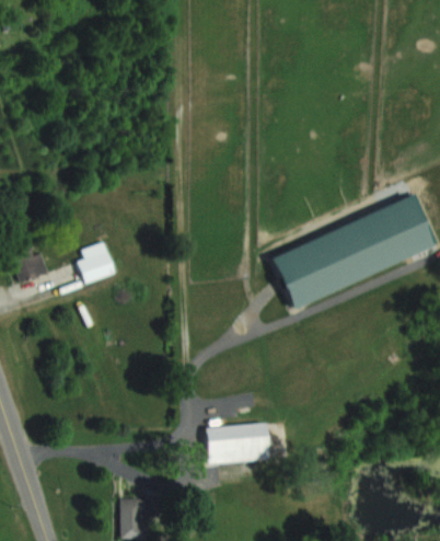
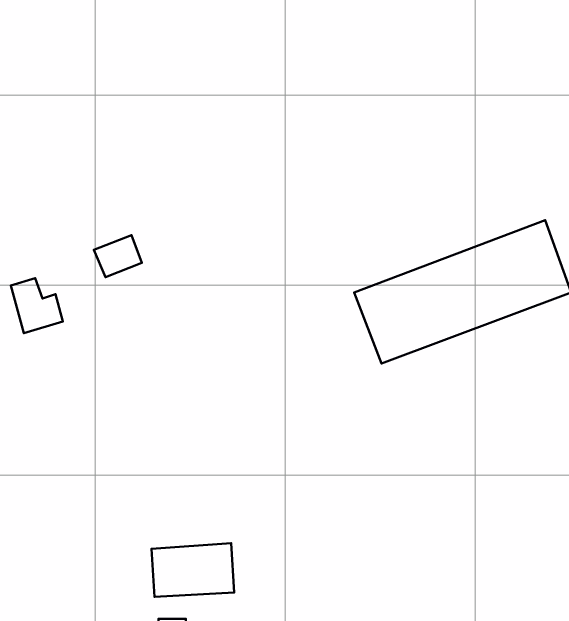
building: [79,251,115,283] -> [94,235,142,277]
building: [208,424,270,464] -> [152,543,234,597]

